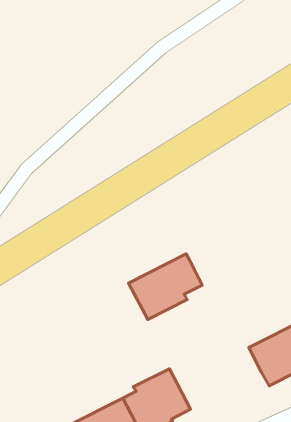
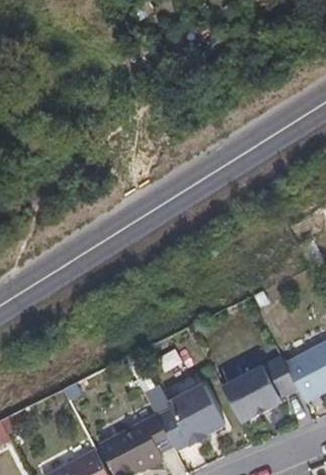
building: [129,254,202,320] -> [221,357,295,422]

